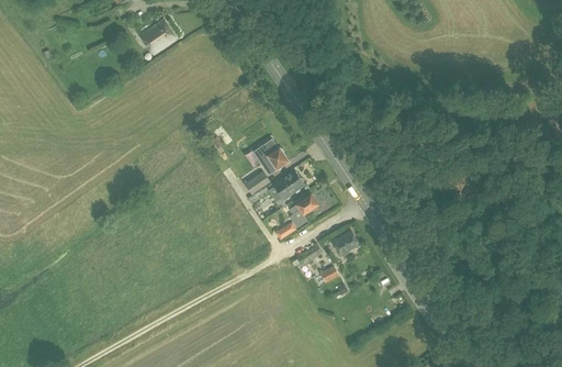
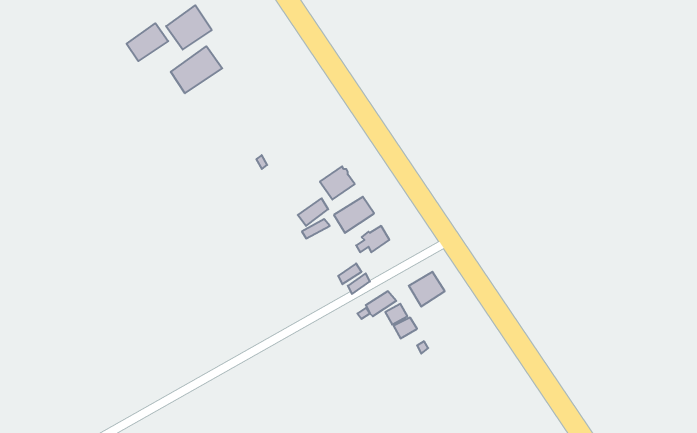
building: none -> [127,23,168,61]
building: none -> [171,46,222,93]

